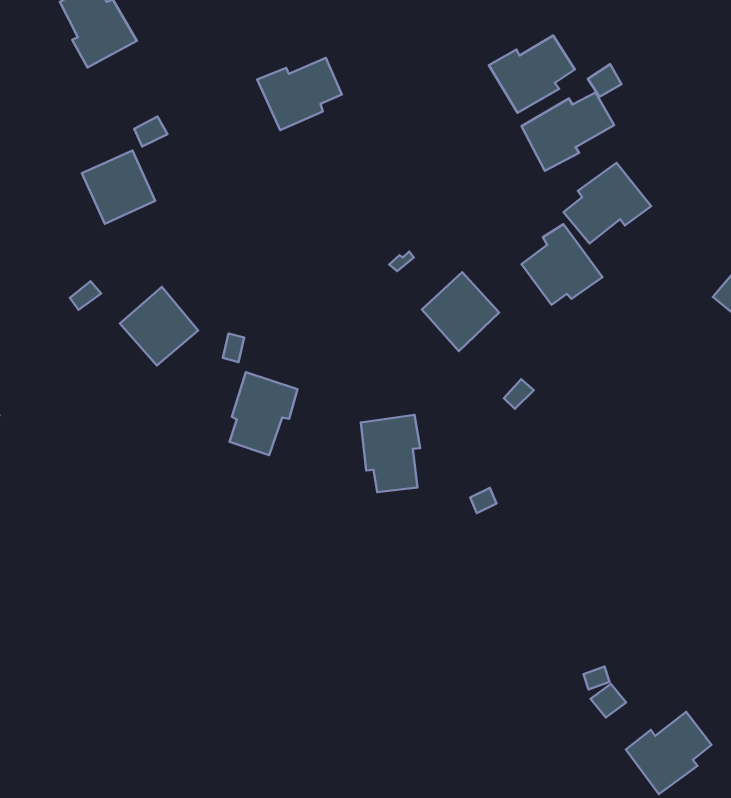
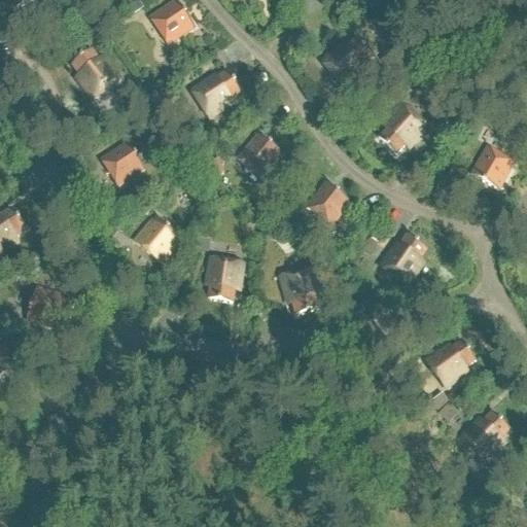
building: [522,92,614,171] -> none
building: none -> [238,131,283,176]
building: [521,224,602,305] -> none
building: none -> [381,233,427,282]
building: none -> [426,339,476,385]

